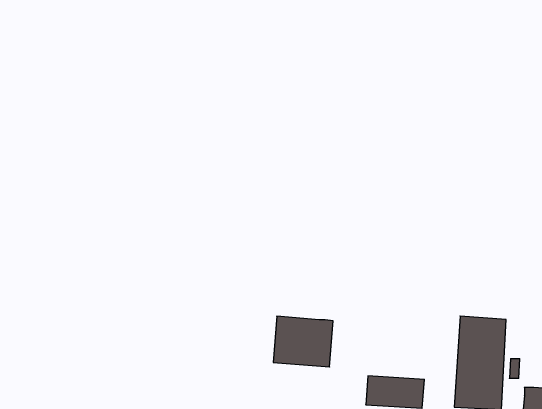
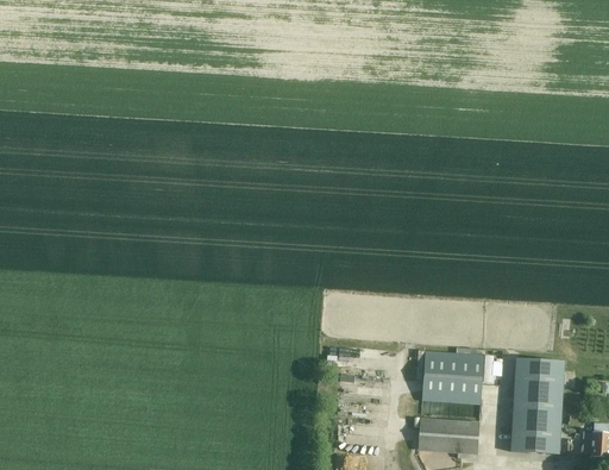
building: [273,316,333,367] -> [422,350,484,402]

